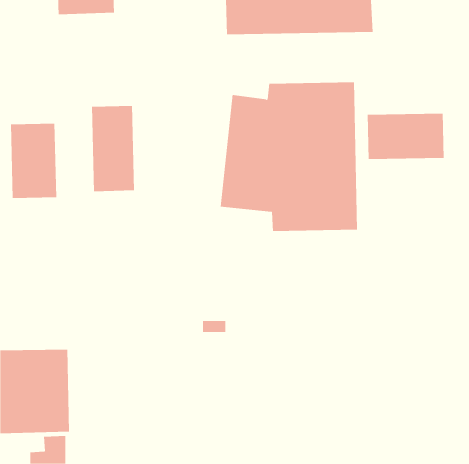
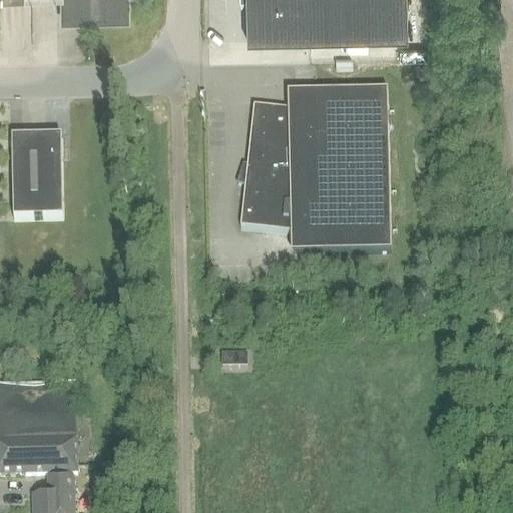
building: [91,105,135,192] -> none
building: [367,113,444,160] -> none

